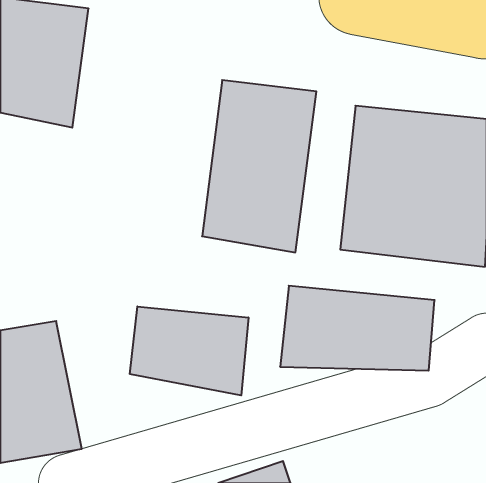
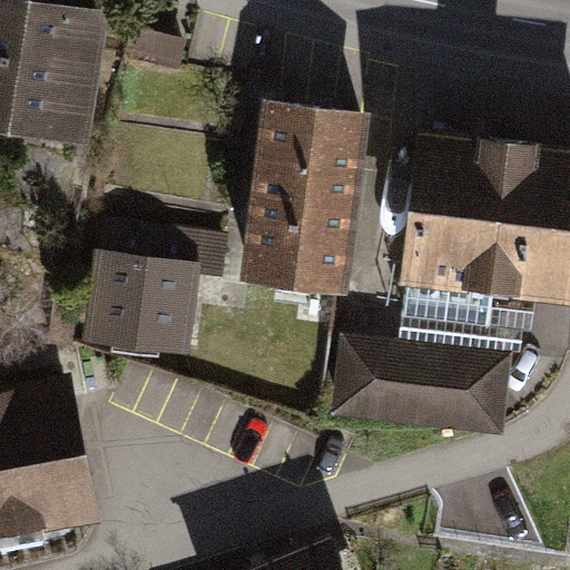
building: none -> [85,249,197,353]
building: [130,306,248,395] -> none

